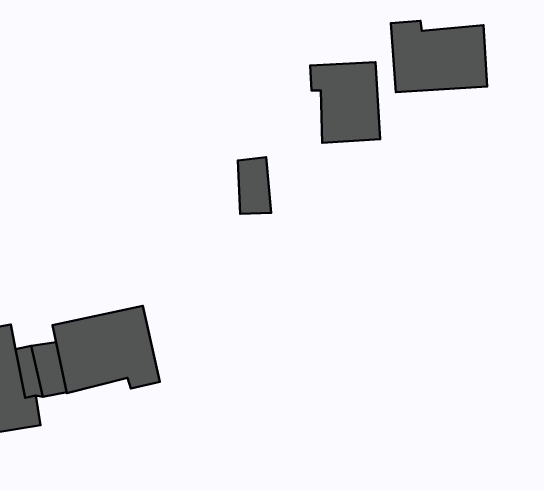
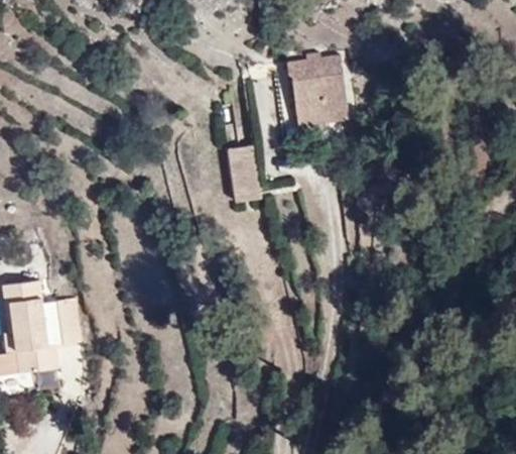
building: [391,21,487,92] -> none
building: [52,306,160,393] -> none

